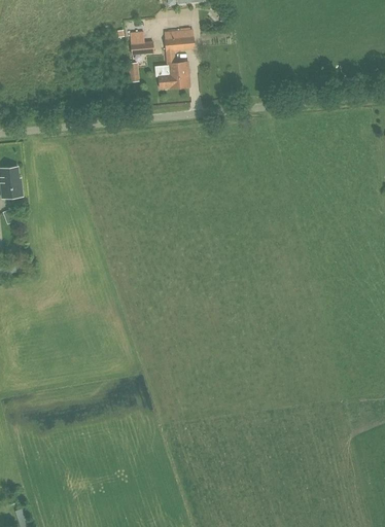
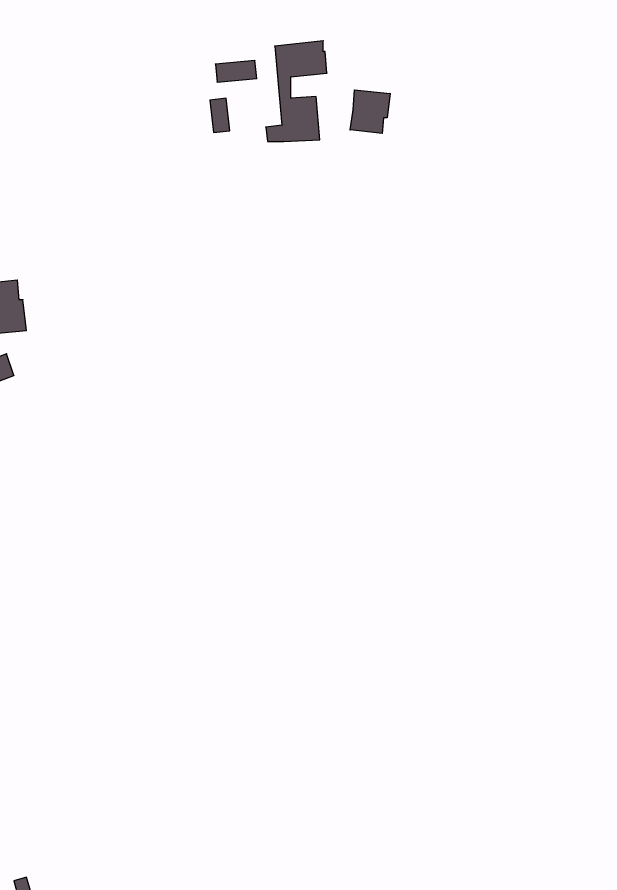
building: none -> [350,90,390,133]

